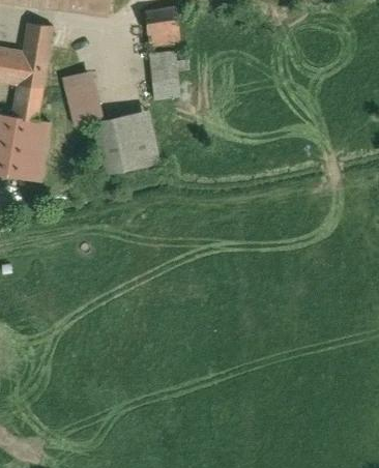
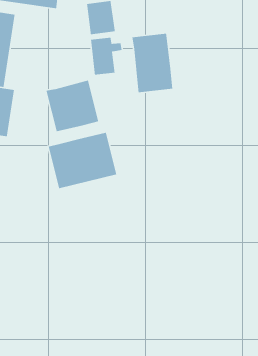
building: none -> [132,33,173,93]
building: [64,81,105,125] -> none
building: none -> [48,132,117,189]

